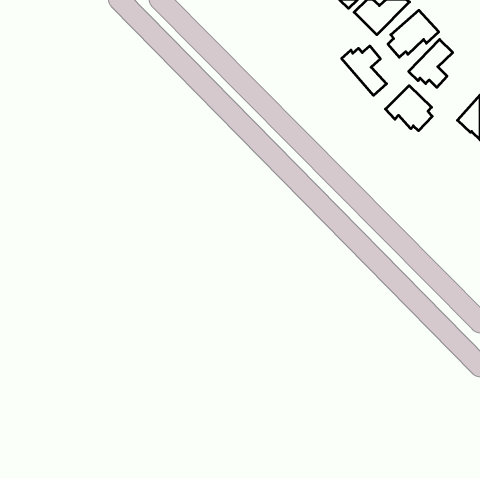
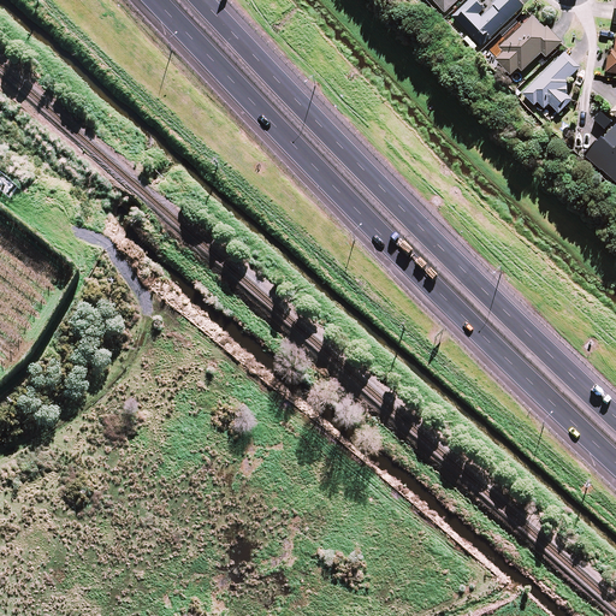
building: [342,46,387,95] -> none
building: [385,86,432,131] -> none

